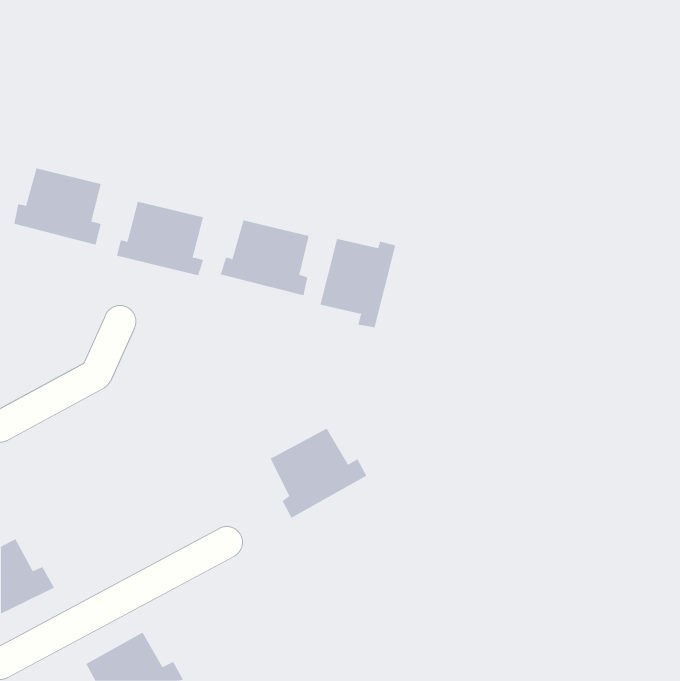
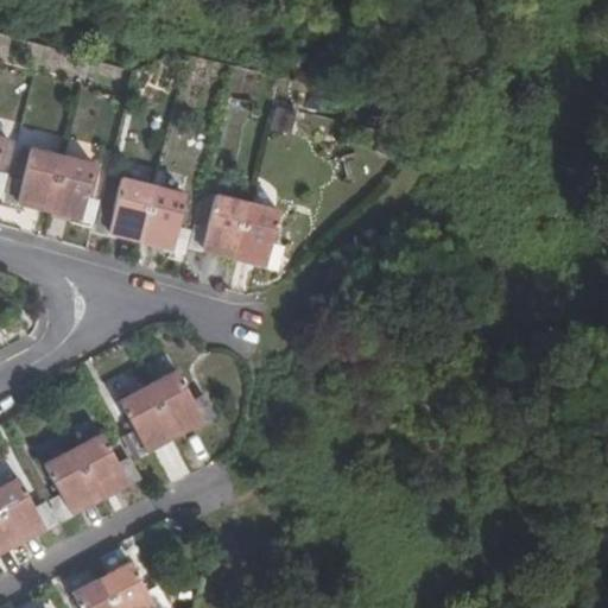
building: [320,238,396,328] -> none
building: [270,428,367,519] -> [122,372,209,452]
building: none -> [48,435,133,514]

